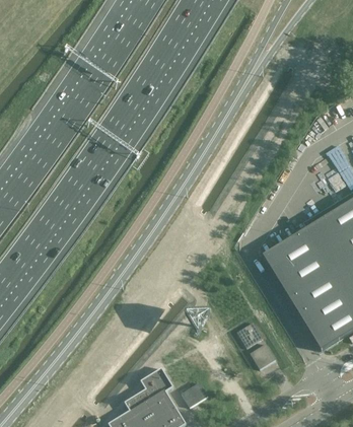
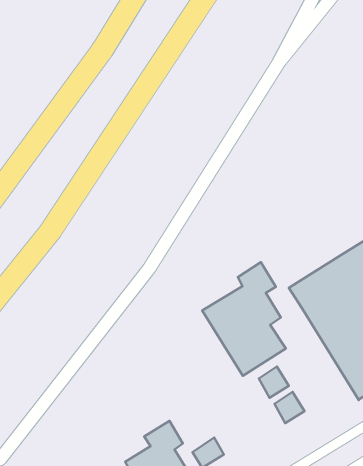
building: none -> [202,262,286,376]

